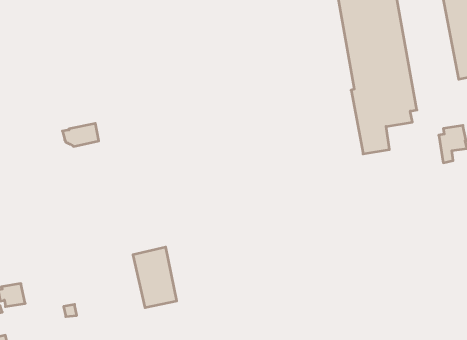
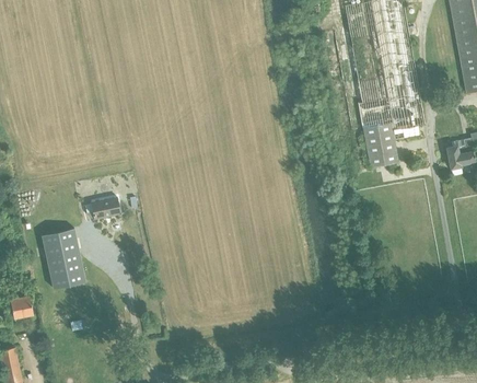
building: [62,123,99,146] -> [83,195,119,218]
building: [133,247,177,308] -> [43,230,86,290]

